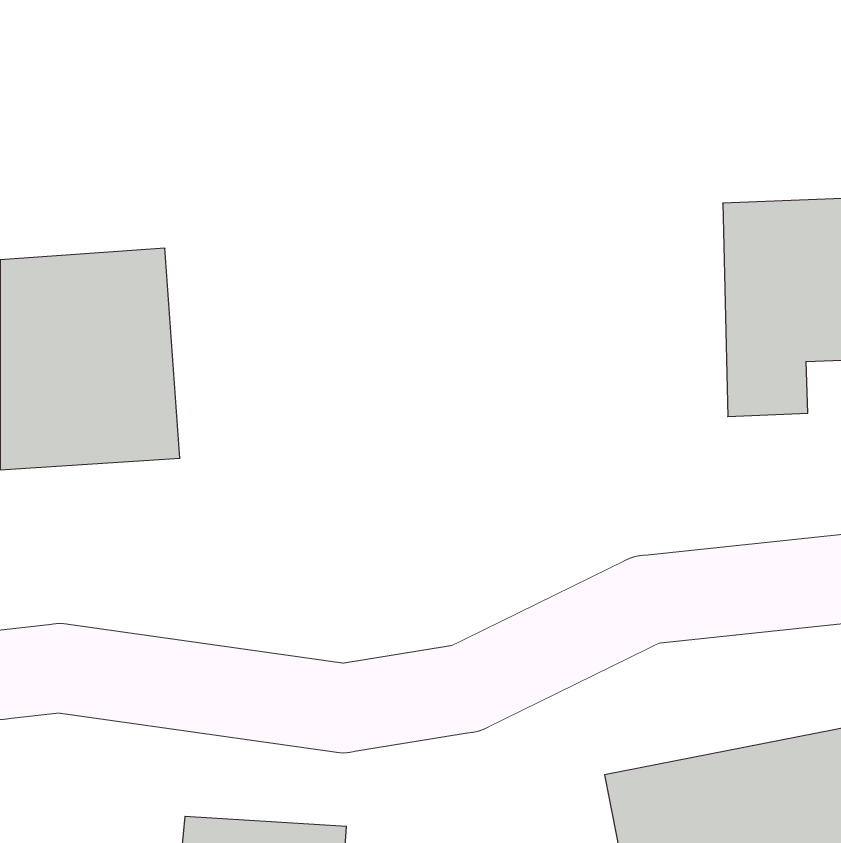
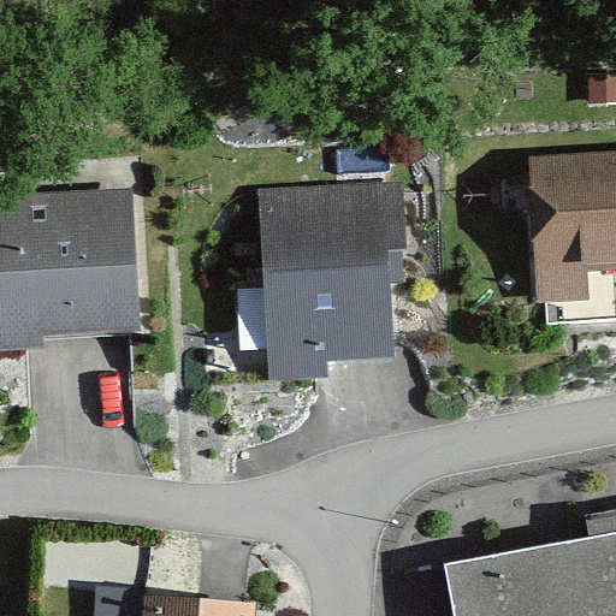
building: none -> [255,182,399,365]

